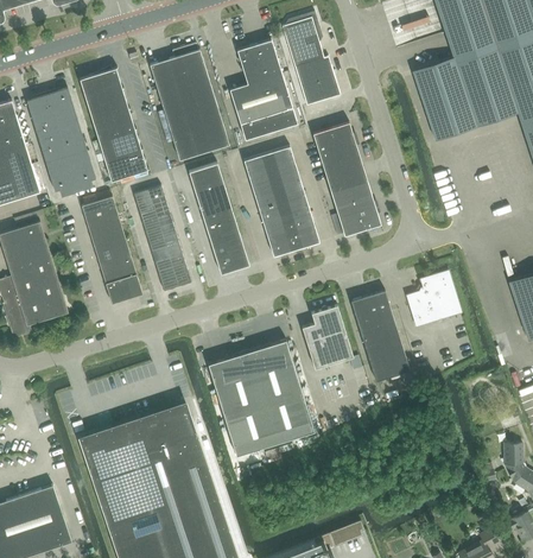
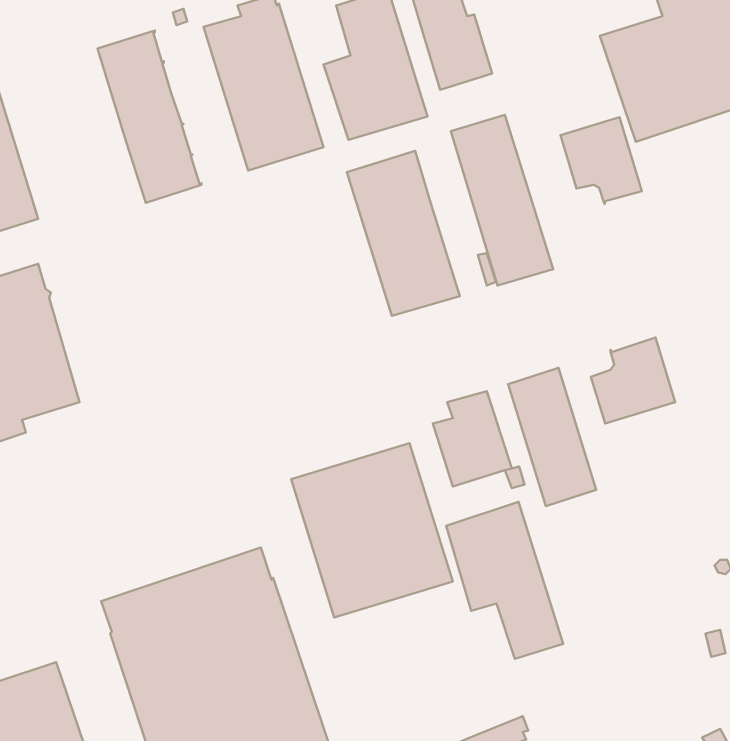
building: [27,88,95,196] -> none
building: none -> [560,117,642,204]
building: [189,163,249,274] -> none
building: [134,185,191,291] -> none
building: [82,196,142,303] -> none
building: none -> [446,502,563,659]

